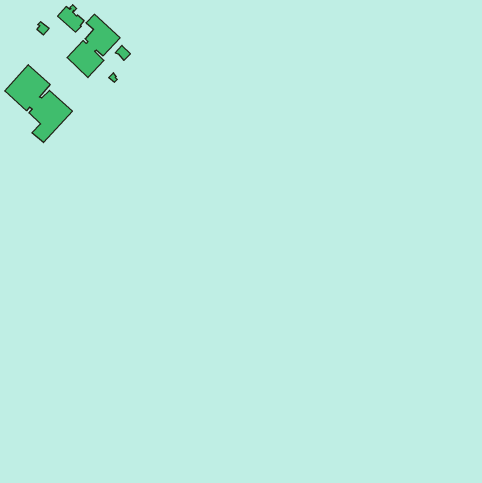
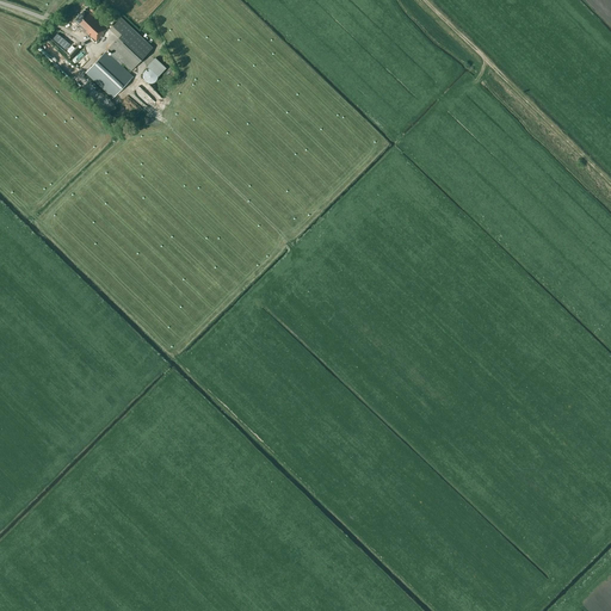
building: [5,65,72,143] -> none

